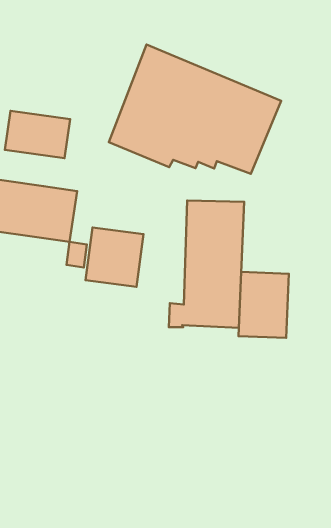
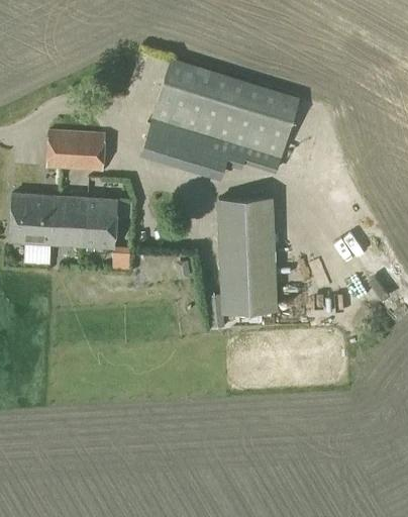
building: [86,228,143,287] -> none
building: [239,272,289,338] -> none

